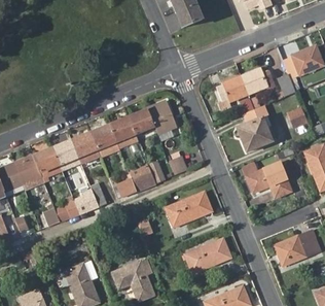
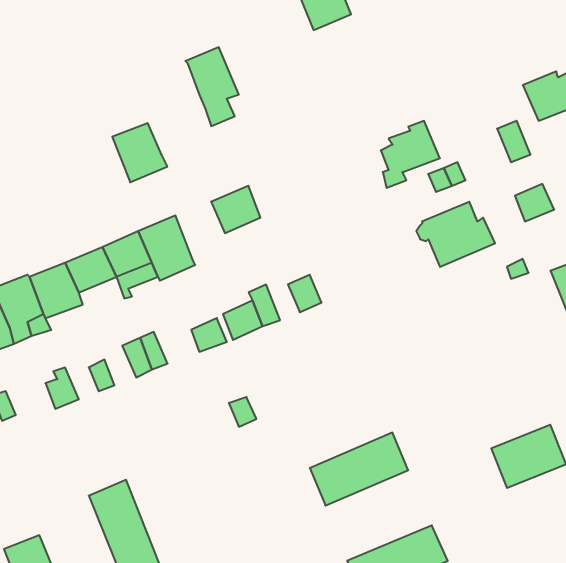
building: [240,68,275,94] -> none
building: [147,100,175,141] -> [185,47,239,126]
building: [110,116,139,147] -> [112,123,167,182]
building: [243,162,292,198] -> none
building: [161,192,213,229] -> none
building: [113,261,155,301] -> none

